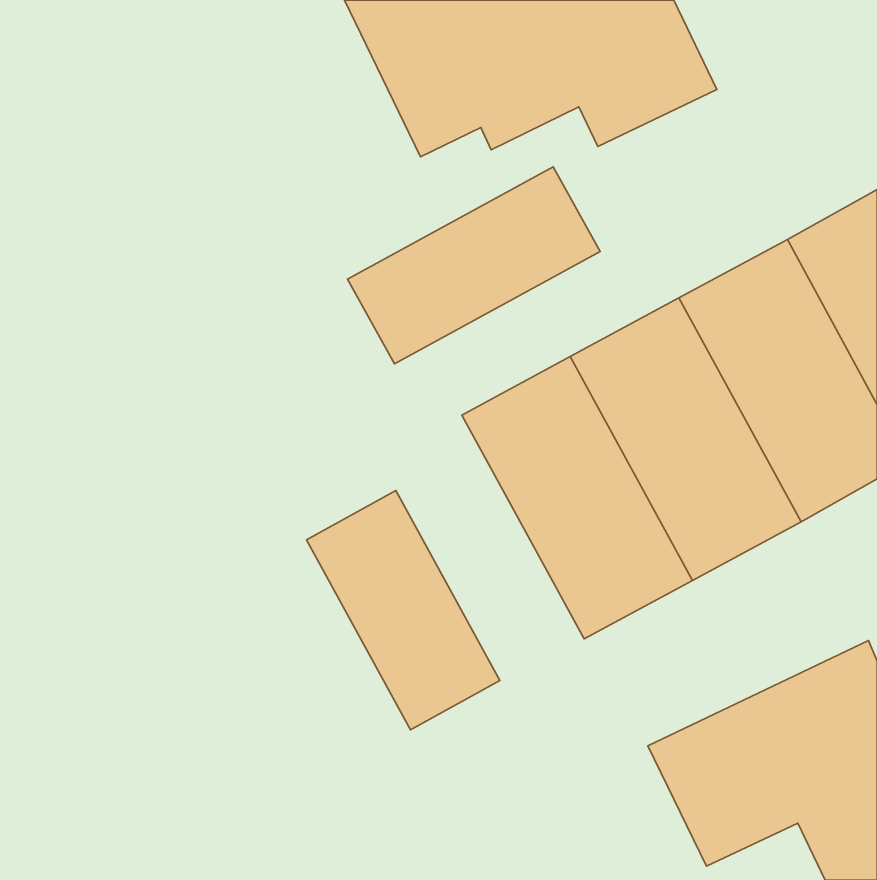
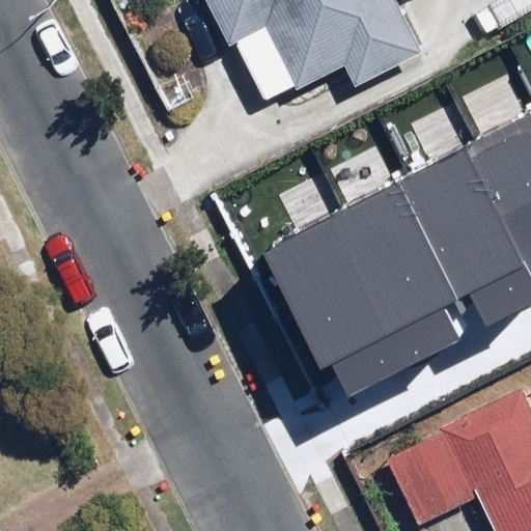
building: [347,167,600,364] -> none
building: [307,490,500,730] -> none

